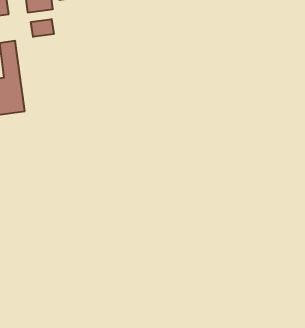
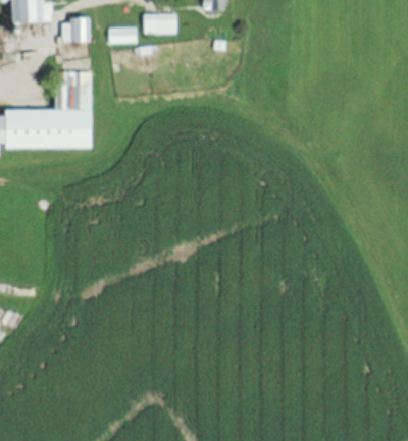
building: [31,19,54,37] -> none

